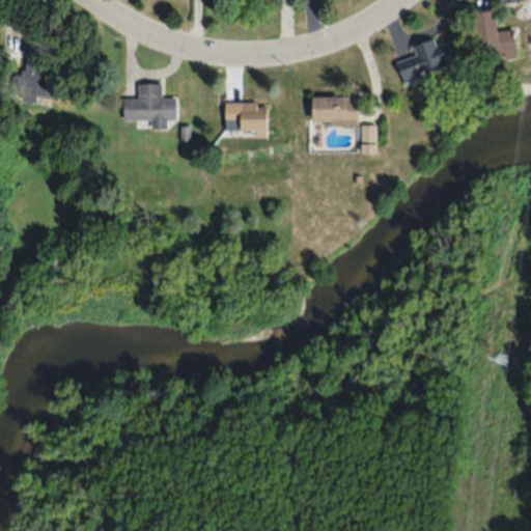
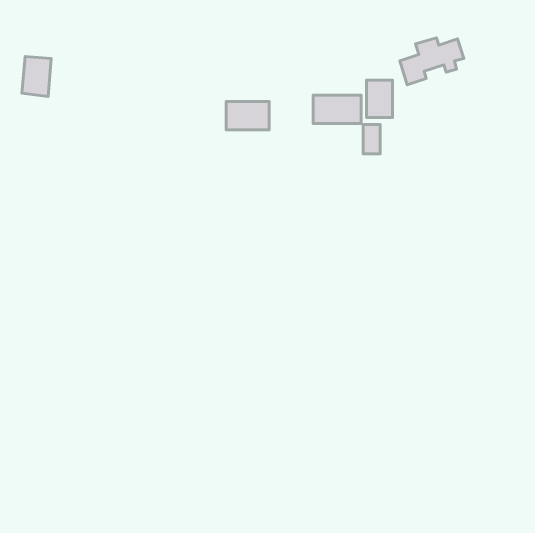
building: [474,11,515,60] -> none
building: none -> [367,80,392,118]
building: [123,84,176,130] -> none

